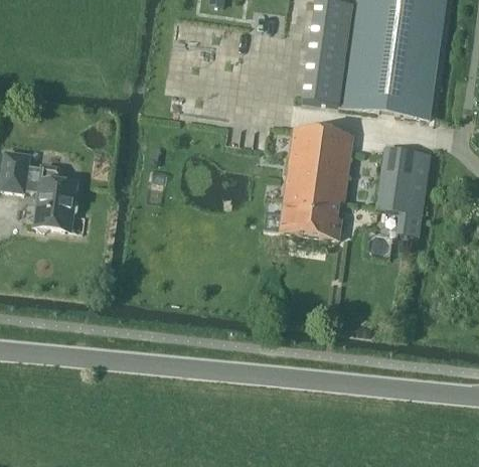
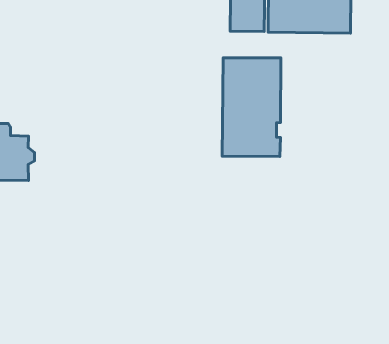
building: [377,145,431,233] -> none

